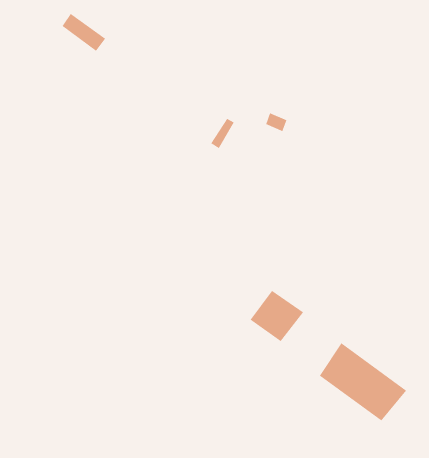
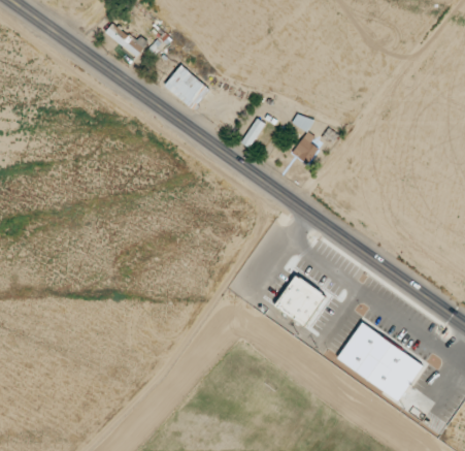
building: none -> [162,64,207,107]
building: none -> [291,129,318,163]

